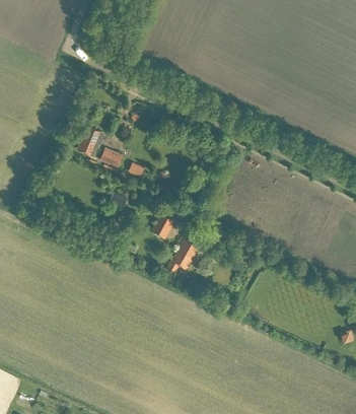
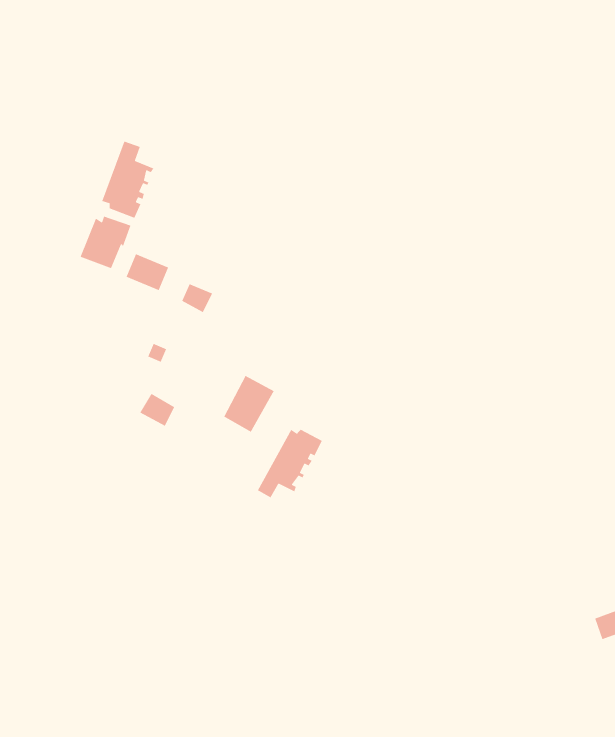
building: none -> [101,140,155,219]

